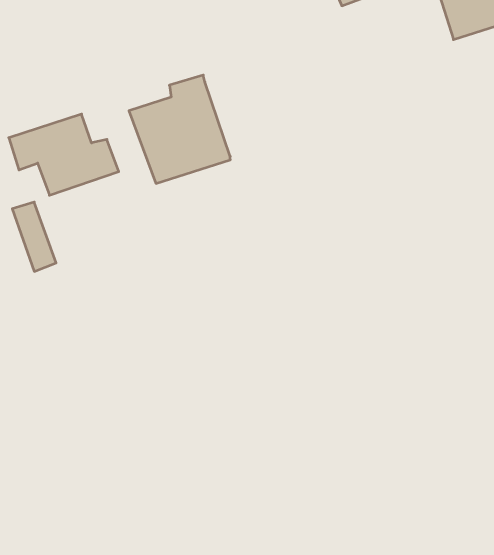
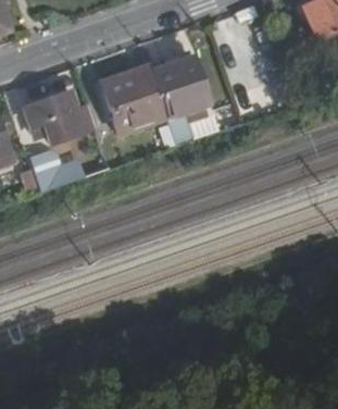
building: none -> [150,58,208,117]

